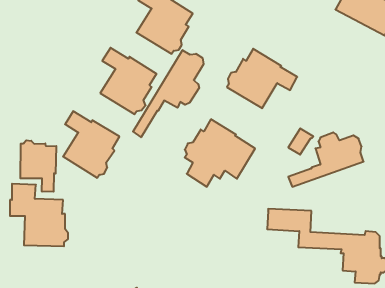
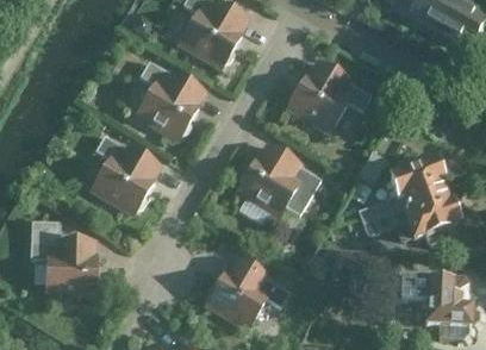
building: [133,50,204,137] -> none
building: [20,140,56,192] -> none
building: none -> [362,194,457,248]
building: none -> [204,257,287,326]

